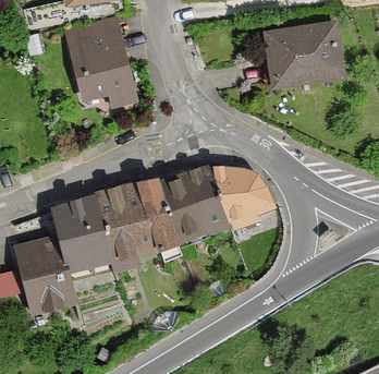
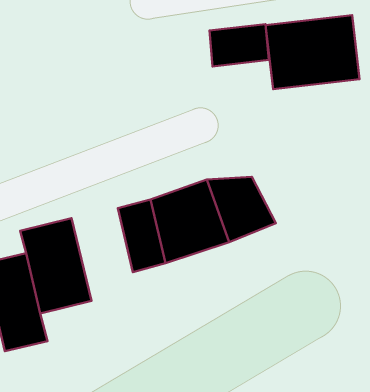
building: [70,32,134,113] -> none
building: none -> [209,24,269,66]
building: [91,192,149,273] -> none

